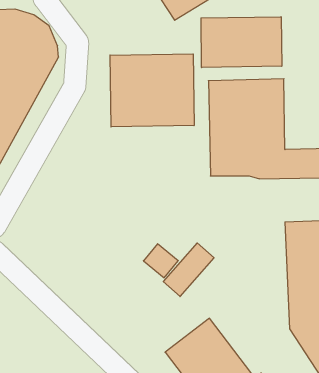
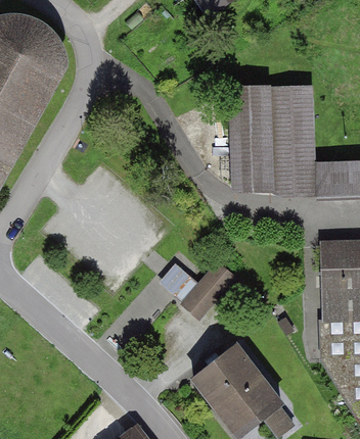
building: [201,17,282,68] -> none
building: [110,54,194,127] -> none

